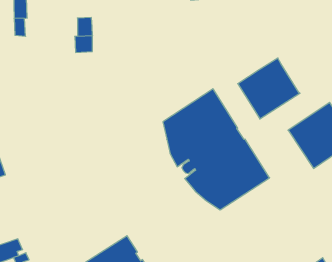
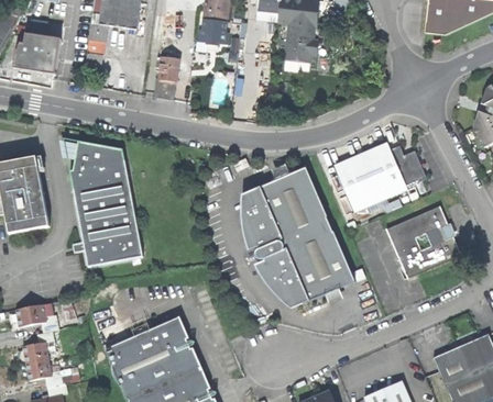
building: none -> [390,145,426,187]
building: none -> [64,137,142,266]

